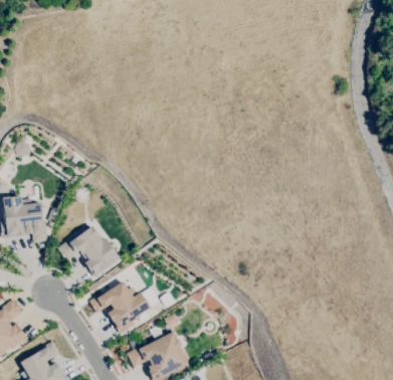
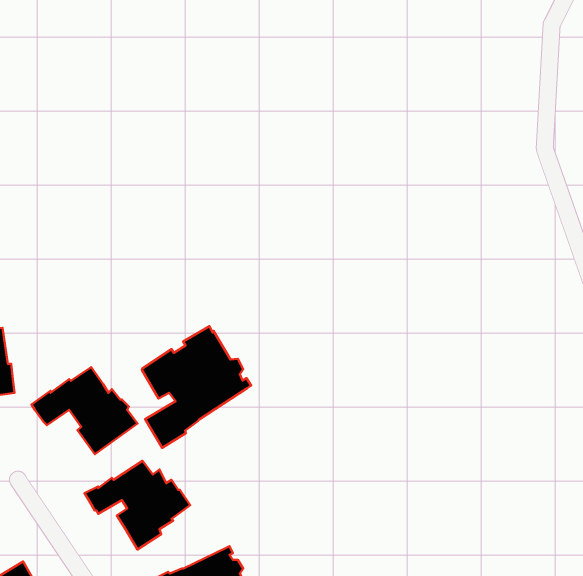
building: none -> [142,326,251,448]

